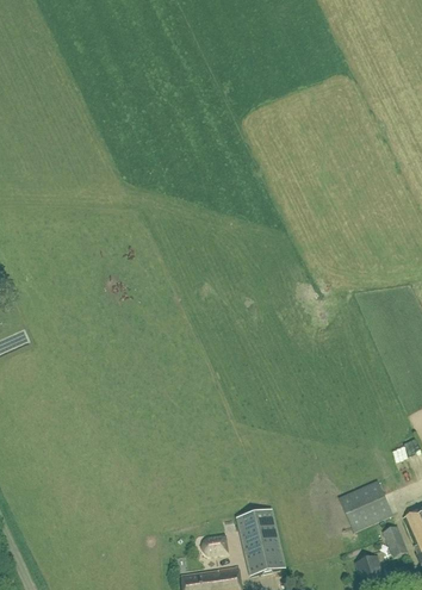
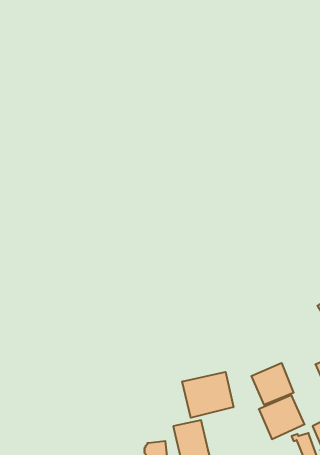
building: none -> [251,363,294,405]
building: none -> [182,372,233,418]

